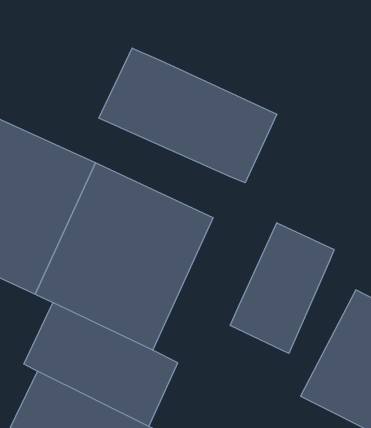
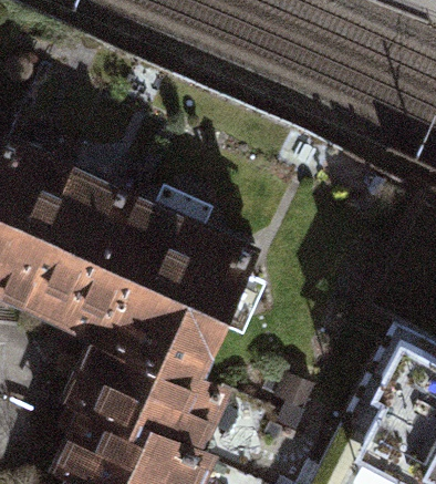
building: [99,48,277,183] -> none
building: [230,223,334,353] -> none

